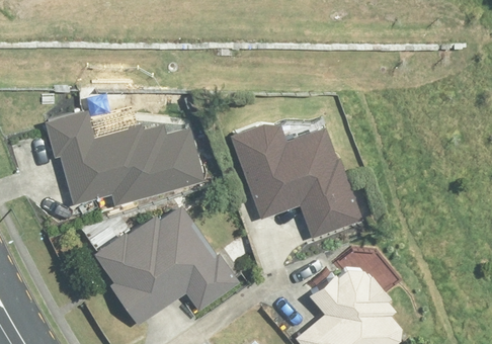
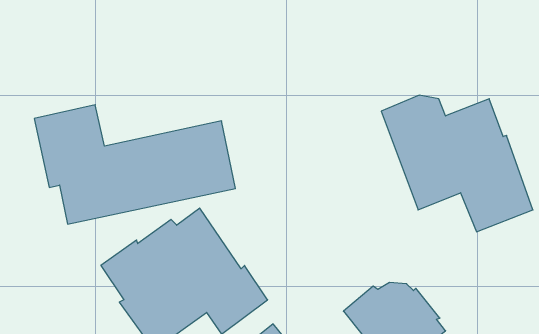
building: [229,119,362,240] -> [381,95,533,232]

